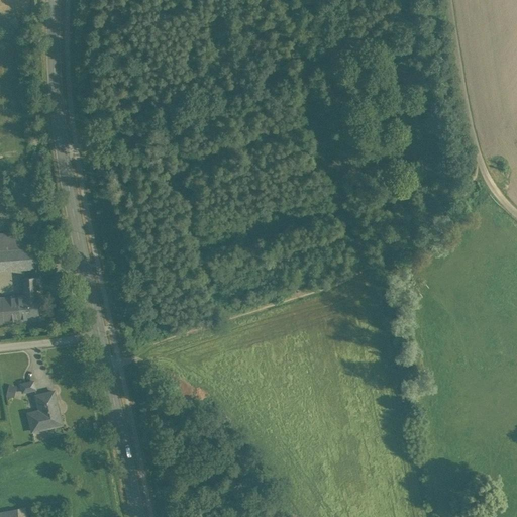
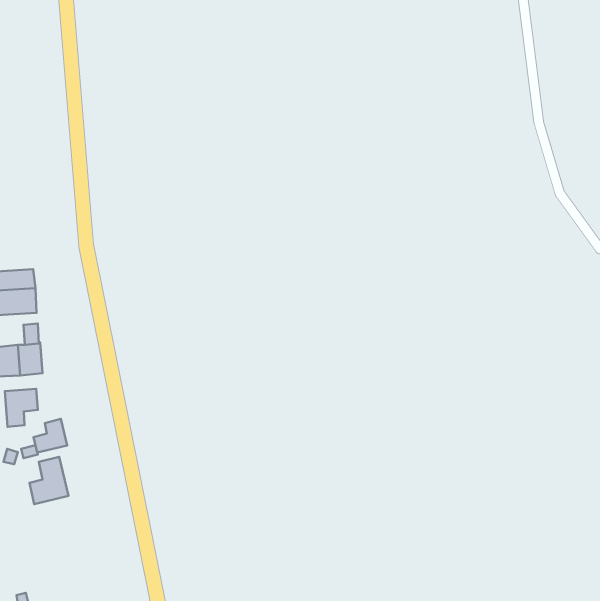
building: none -> [5,389,38,427]
building: none -> [33,419,67,453]

